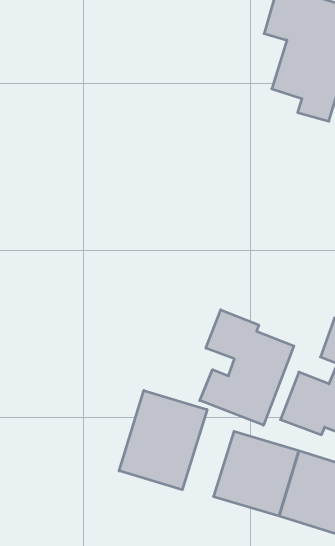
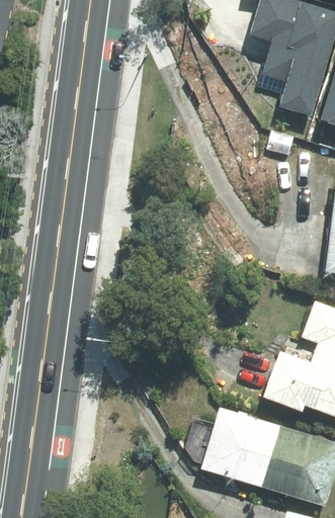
building: [200,310,294,425] -> none
building: [119,390,207,490] -> none

